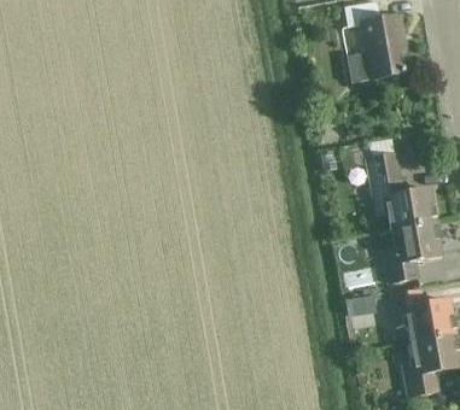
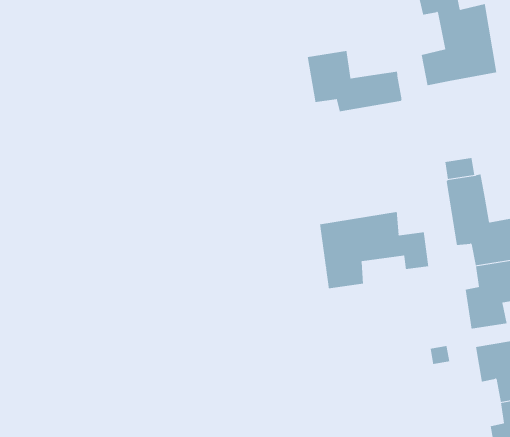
building: none -> [307,50,402,112]
building: none -> [319,211,429,289]

